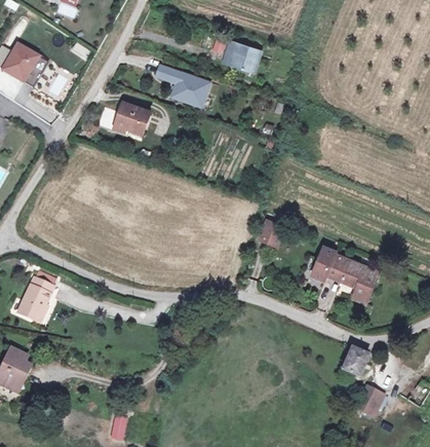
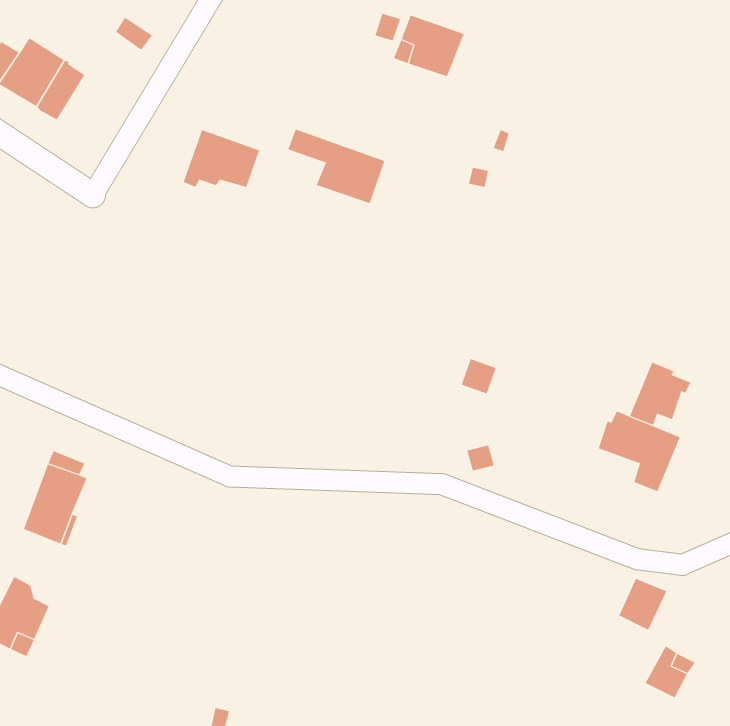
building: [152,63,205,104] -> [288,129,385,204]
building: [308,244,342,278] -> [629,362,691,426]

